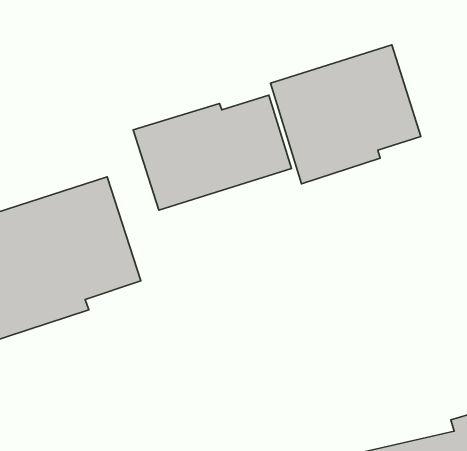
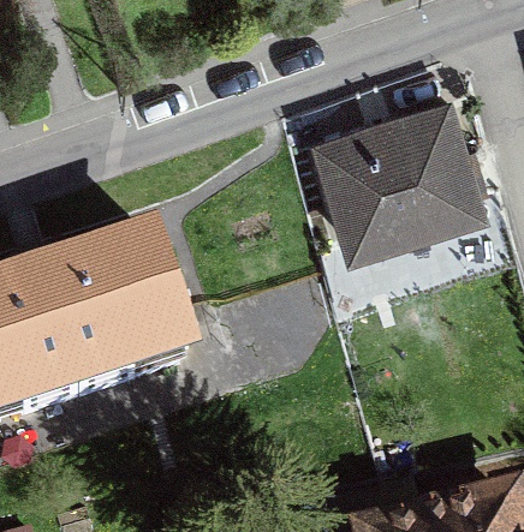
building: [133,95,292,210] -> none

